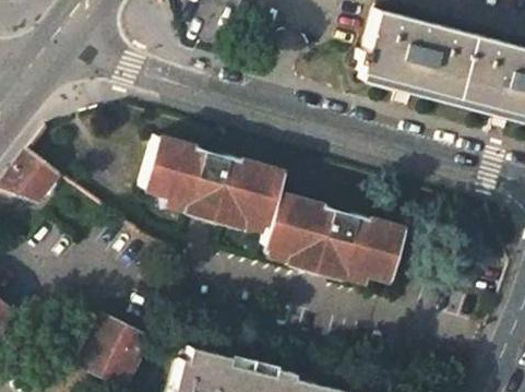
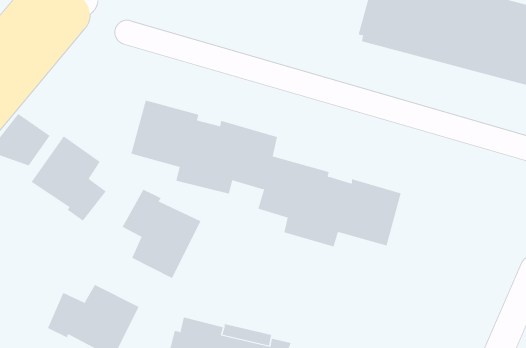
building: none -> [31,136,107,222]
building: none -> [122,189,201,279]

